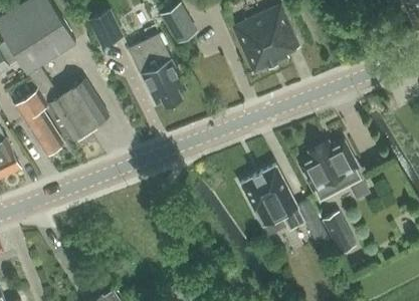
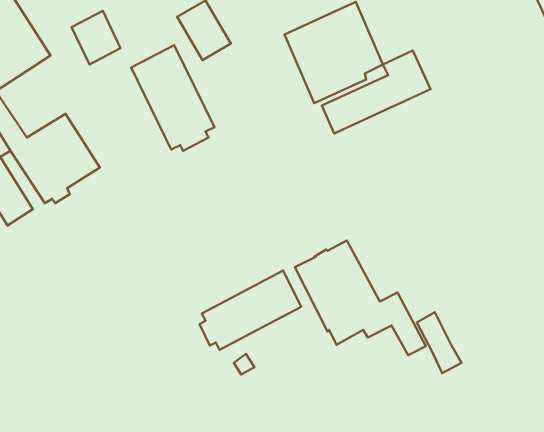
building: none -> [322,51,431,133]
building: [300,142,363,197] -> none
building: none -> [200,270,301,350]

